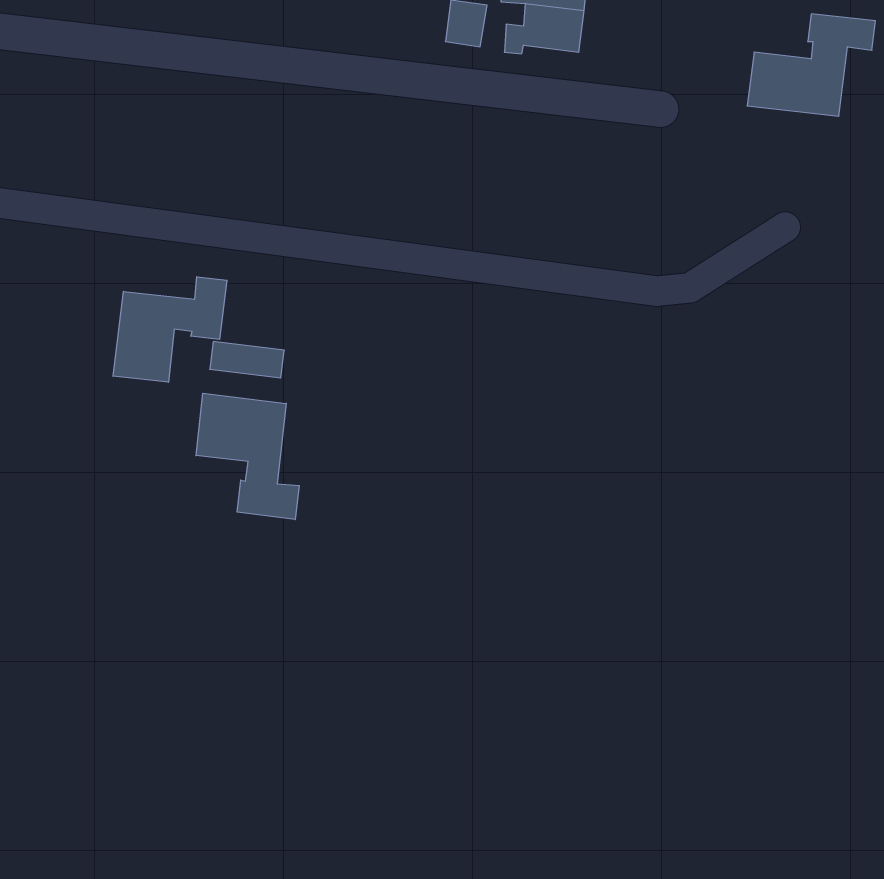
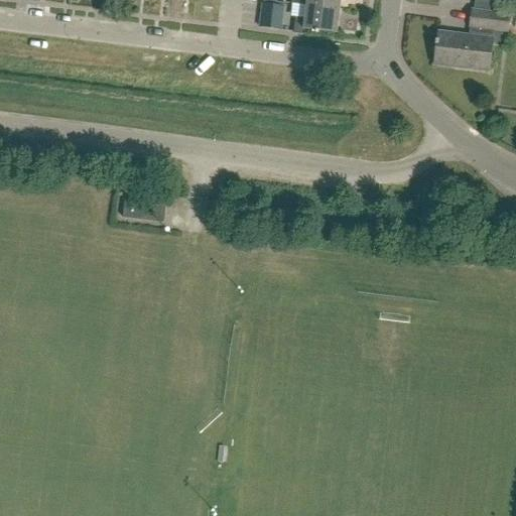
building: [113,277,227,382] -> none
building: [196,393,299,520] -> none

